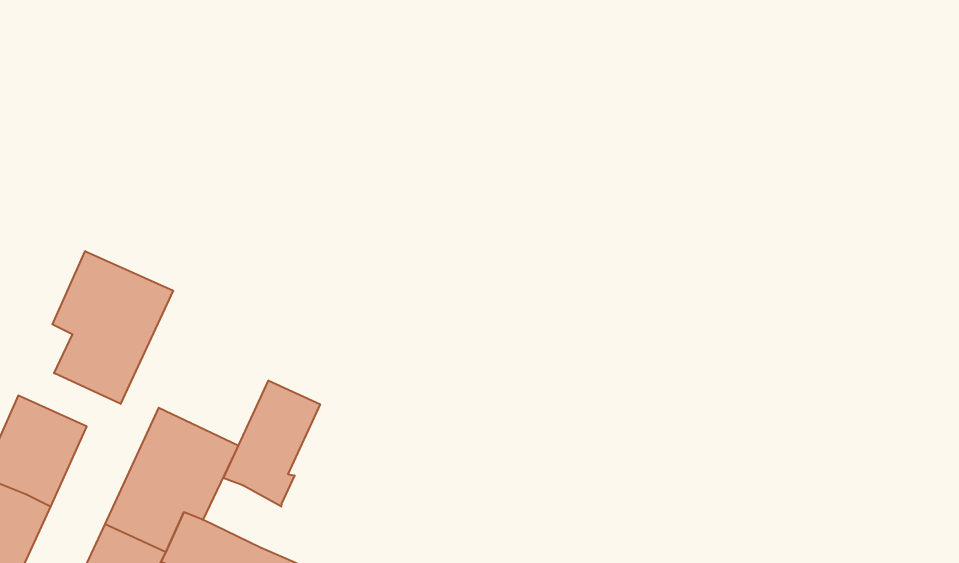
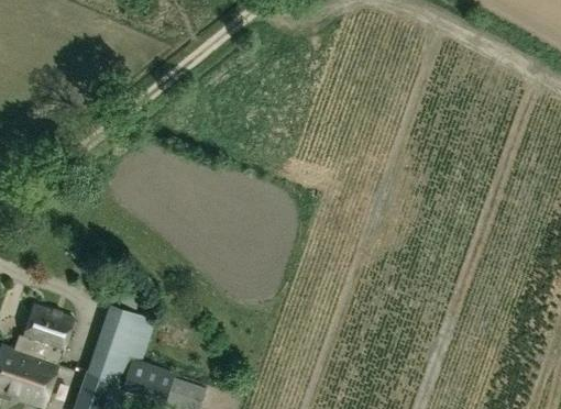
building: [52,251,173,404] -> none
building: [223,380,320,507] -> none

